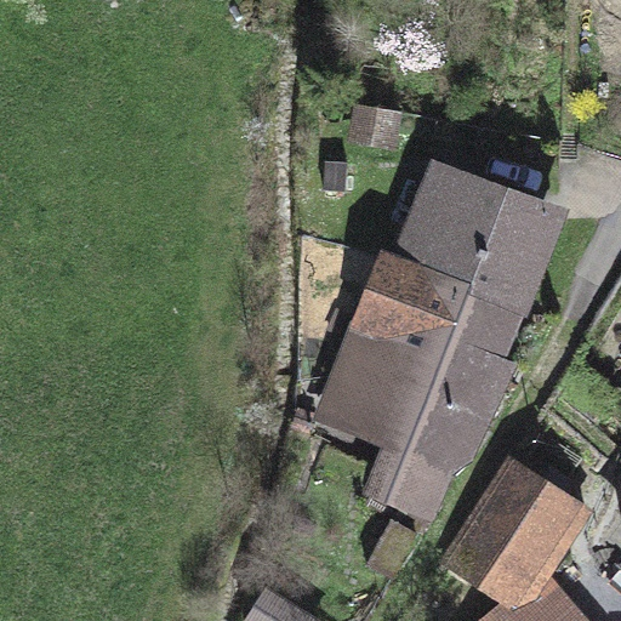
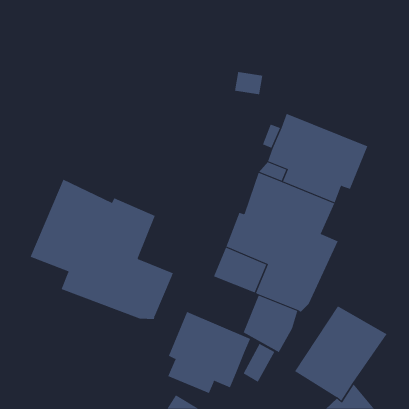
building: none -> [30,179,173,320]
building: none -> [167,311,251,394]

